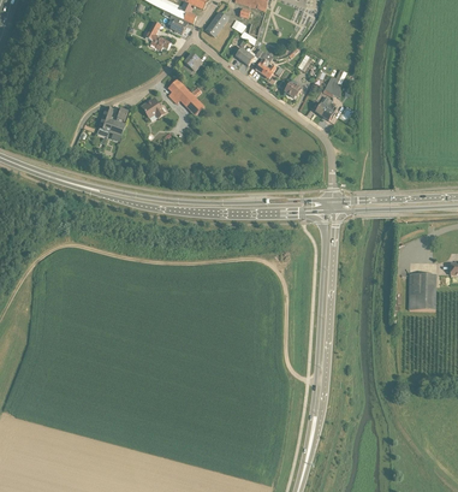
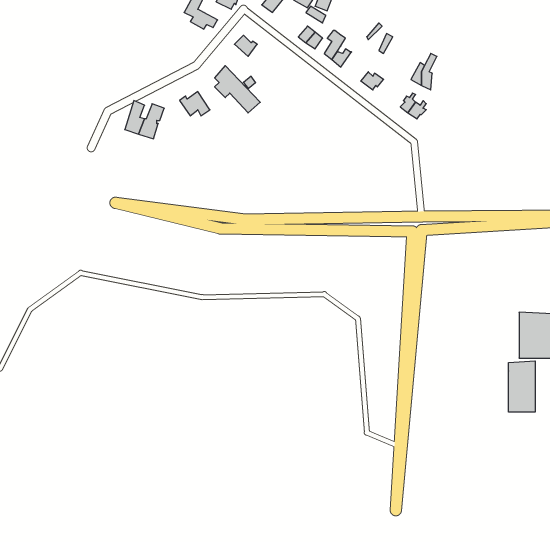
building: none -> [509,361,535,412]

